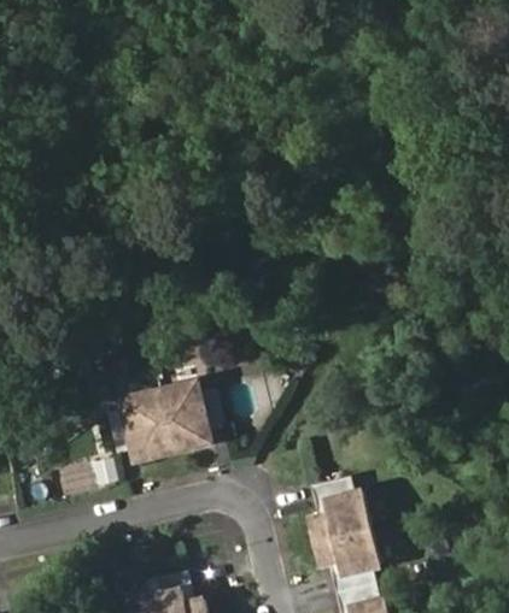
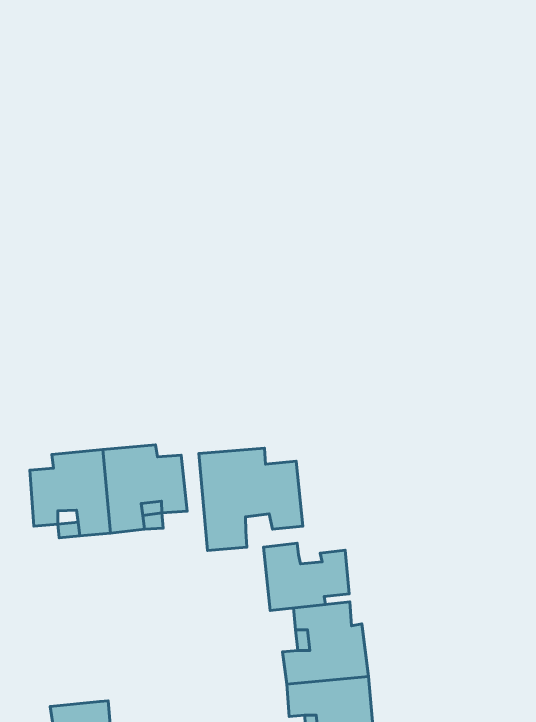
building: none -> [199,448,303,551]
building: none -> [263,543,349,610]

